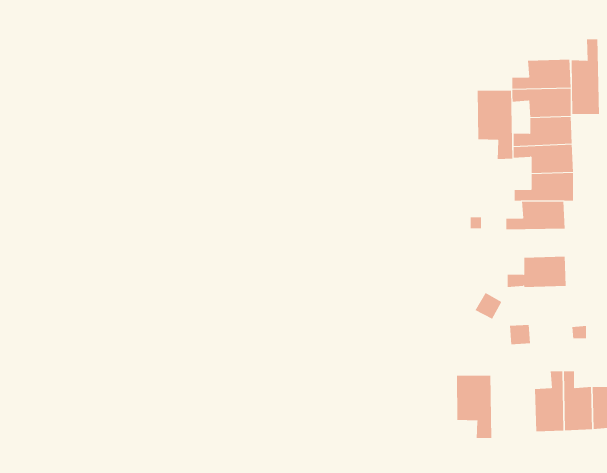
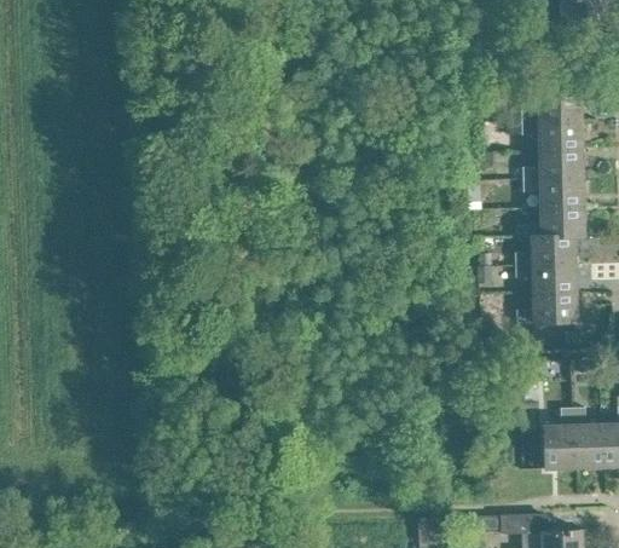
building: [571,38,599,115] -> none
building: [477,90,513,160] -> none
building: none -> [515,264,575,293]
building: [456,375,492,439] -> none

